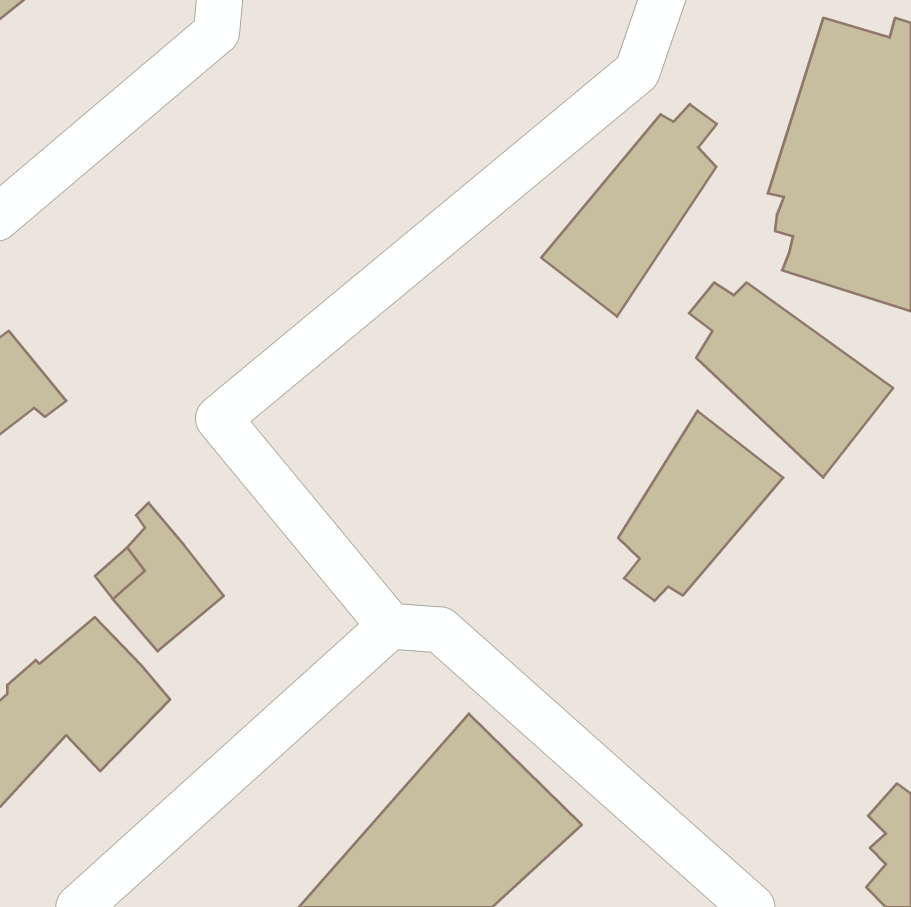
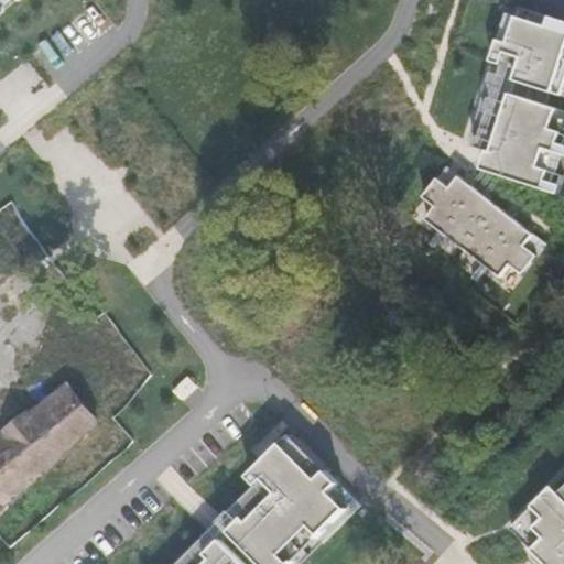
building: [541,104,717,317] -> none
building: [618,411,783,601] -> none

